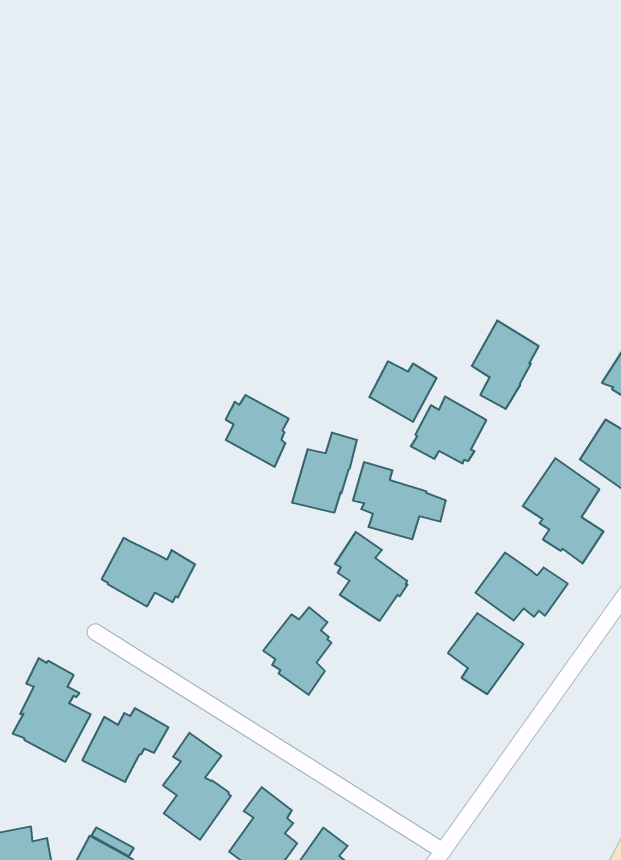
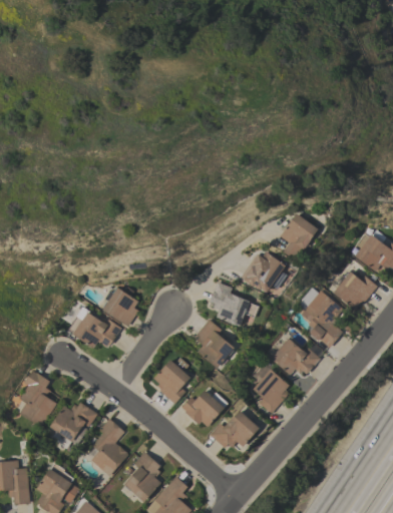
building: [369,361,436,422] -> none
building: [226,395,289,467] -> [103,287,138,327]
building: [292,432,357,513] -> none
building: none -> [181,390,228,427]
building: none -> [210,410,260,448]

